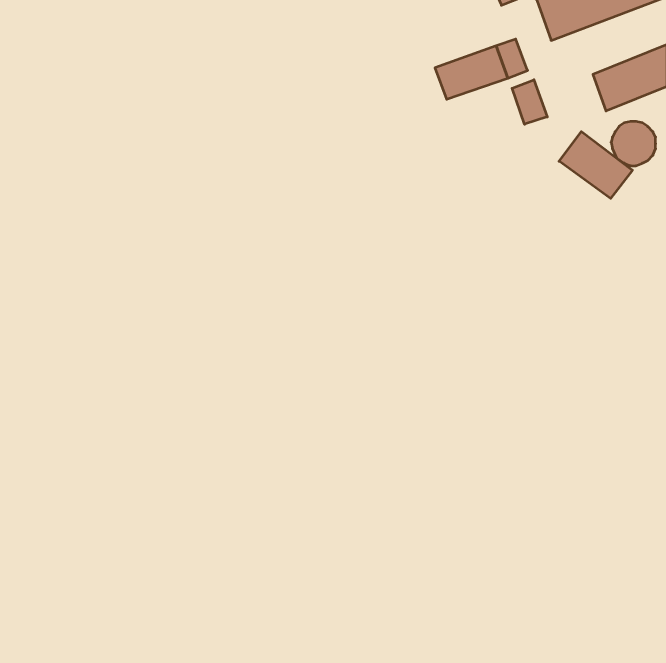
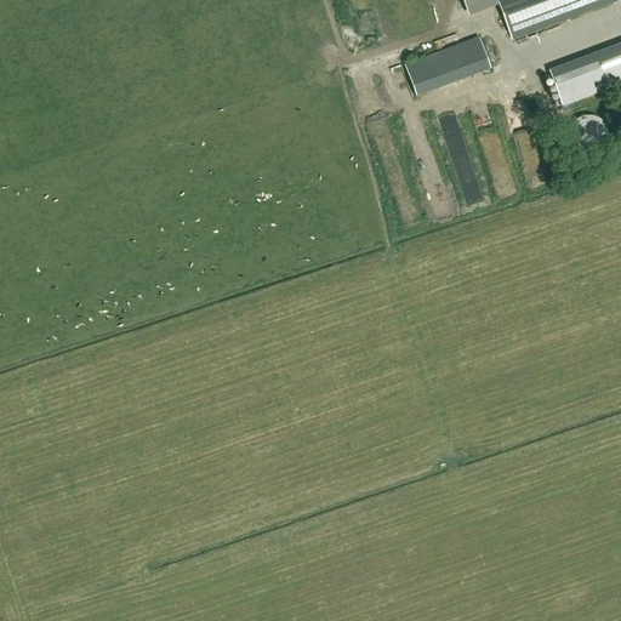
building: [512,80,547,124] -> none
building: [559,132,632,198] -> none

